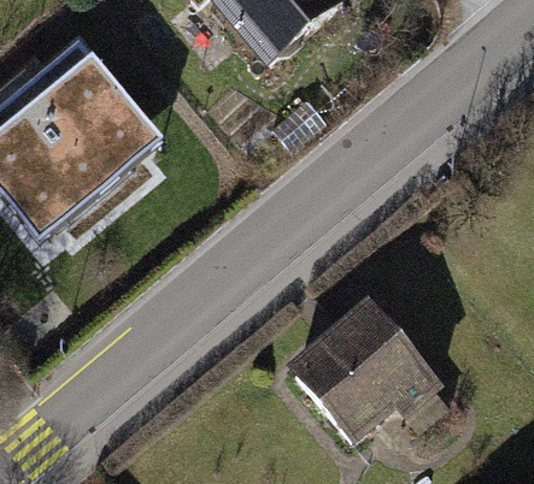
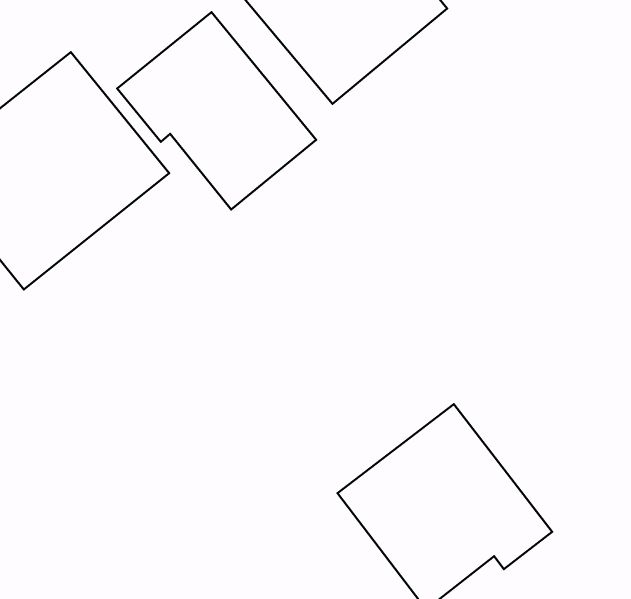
building: none -> [117,12,316,210]

